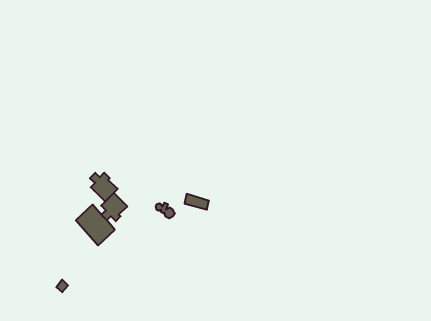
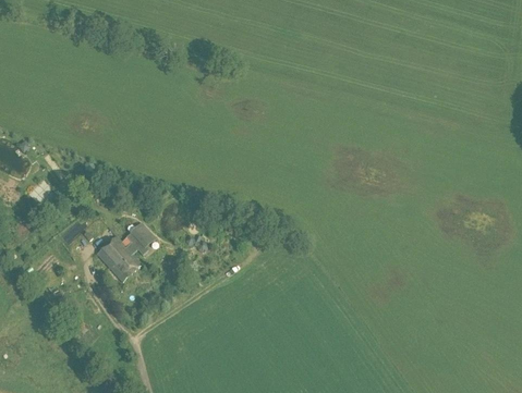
building: [90,173,118,202] -> none

